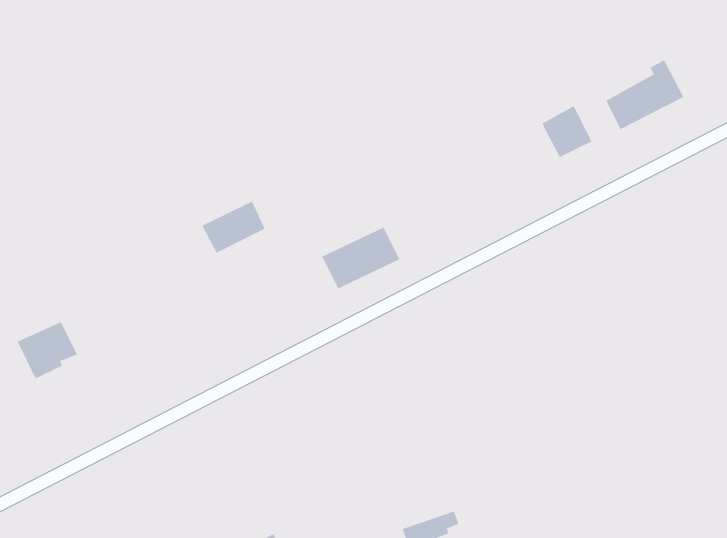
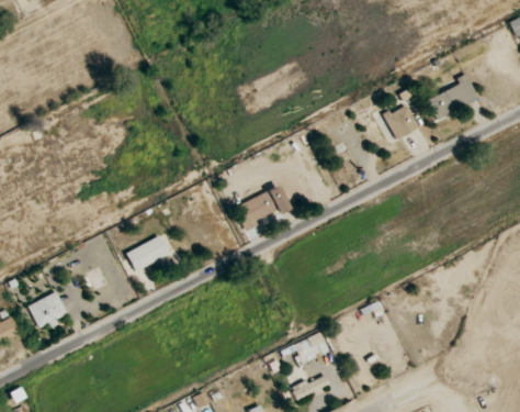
building: [201,201,265,253] -> [125,236,168,271]
building: [17,322,78,379] -> [26,292,67,331]
building: none -> [294,333,328,364]

